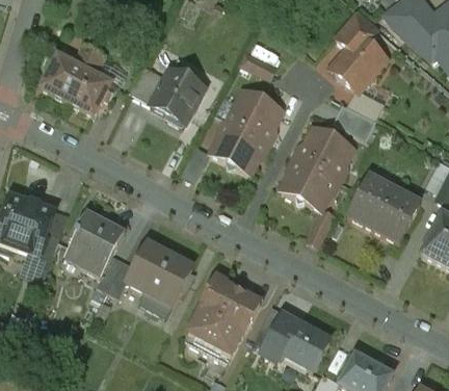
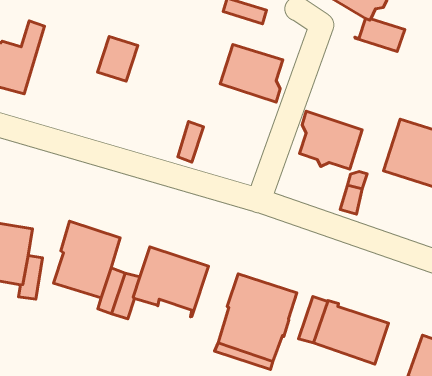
building: [68,49,117,115] -> none
building: [152,70,204,128] -> none
building: [333,103,375,139] -> none
building: [211,121,270,172] -> none
building: [293,127,352,178] -> none
building: [139,286,173,316] -> none

